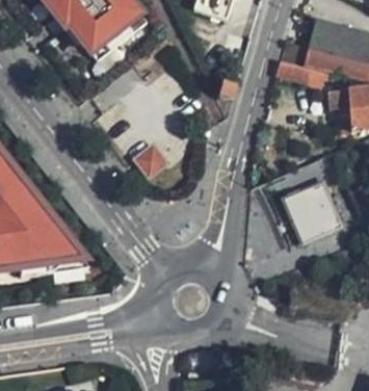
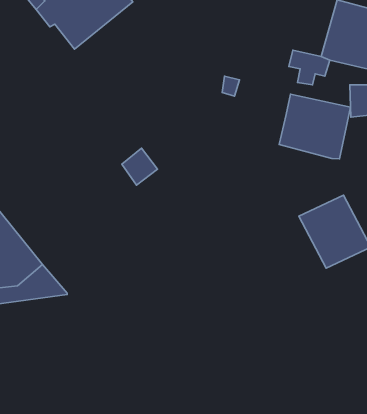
building: none -> [279,94,351,159]

